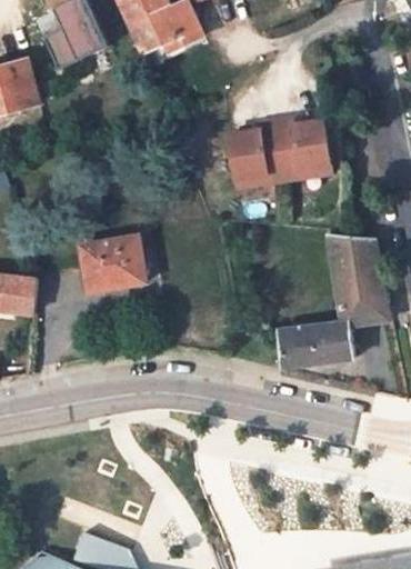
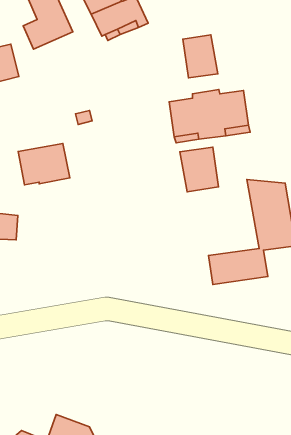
building: none -> [183,35,218,78]
building: none -> [180,147,219,192]
building: [80,236,146,288] -> [18,144,70,185]

